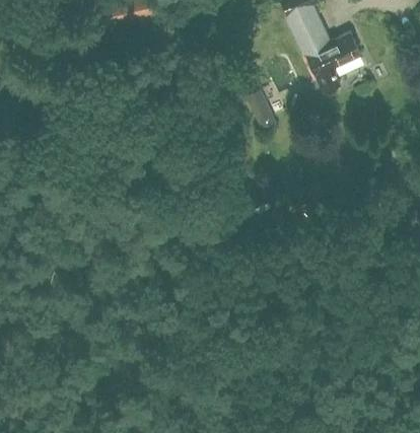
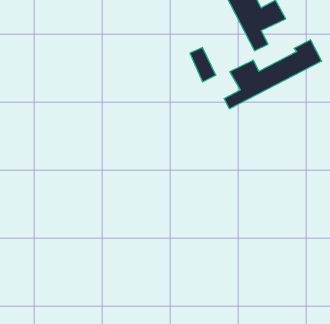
building: none -> [224,40,322,109]

